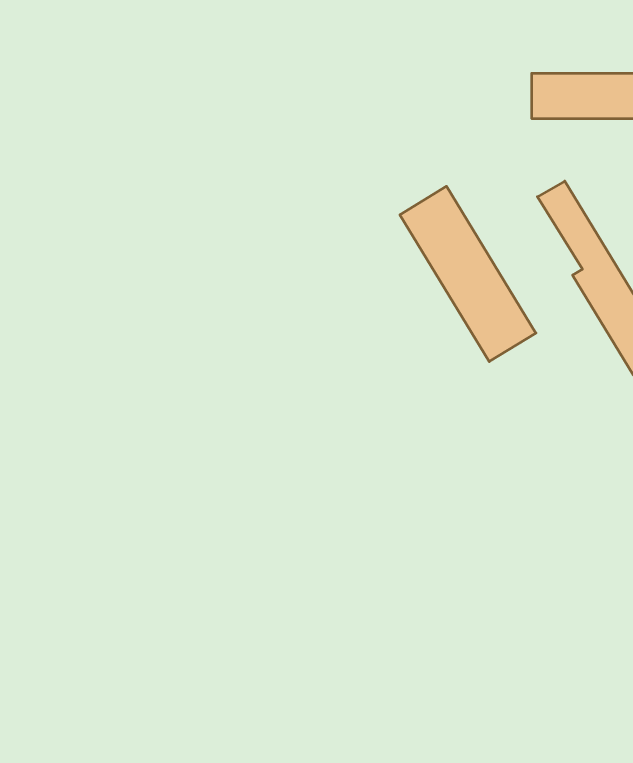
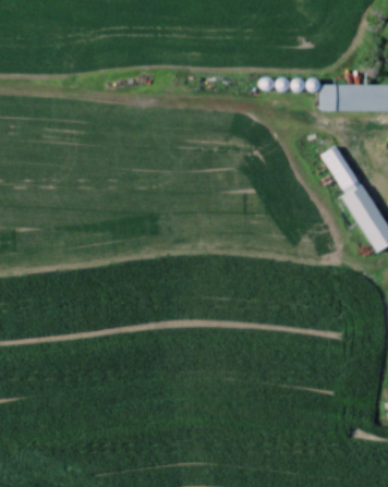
building: [400,186,536,362] -> none

